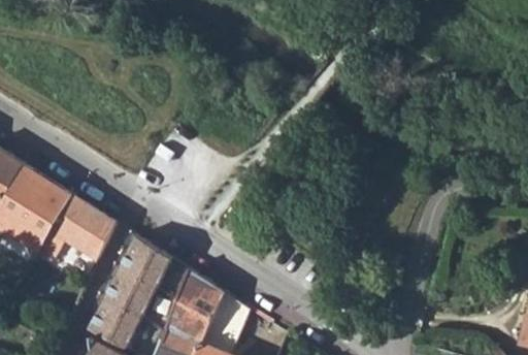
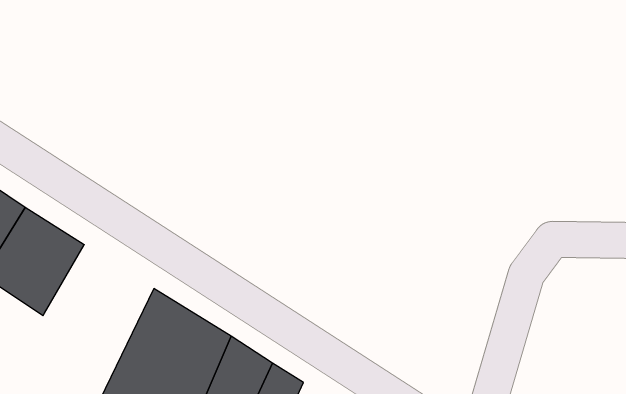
building: [42,198,118,260] -> none

